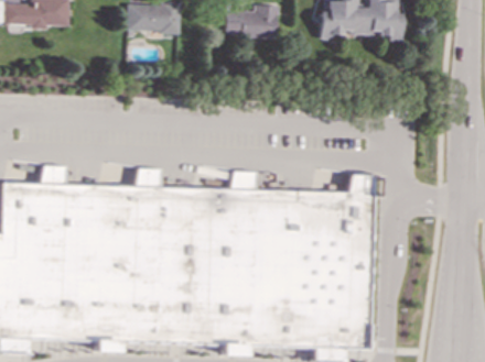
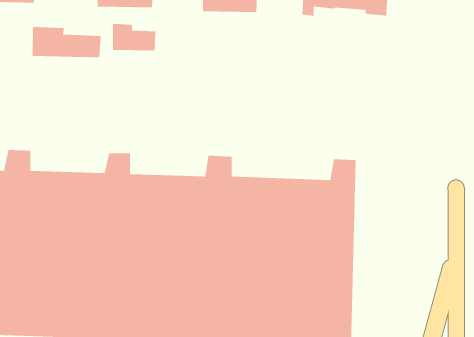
building: none -> [112,23,156,51]
building: none -> [32,26,101,58]

